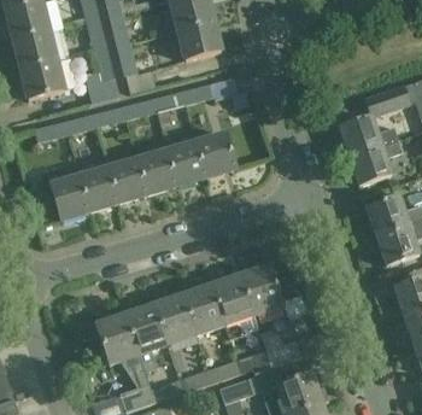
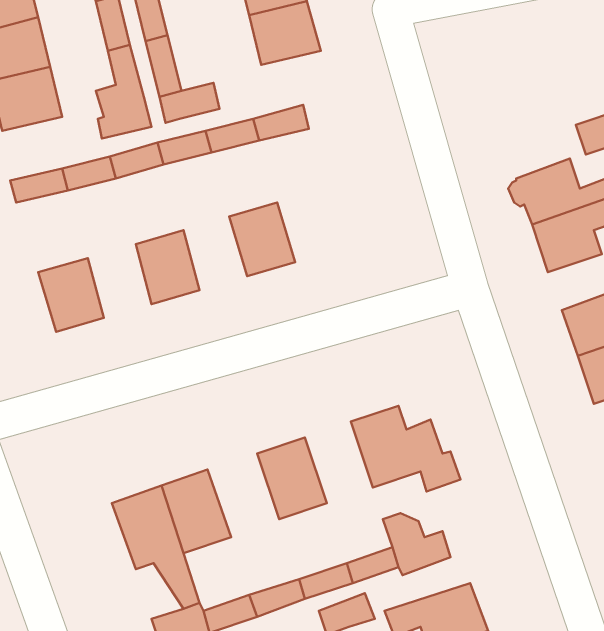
building: [194,133,235,177] -> none
building: [137,150,176,194] -> none
building: [80,166,118,211] -> none
building: [211,274,252,338] -> none
building: [152,293,195,344] -> none

